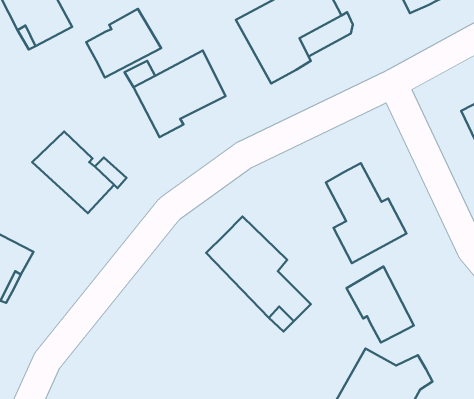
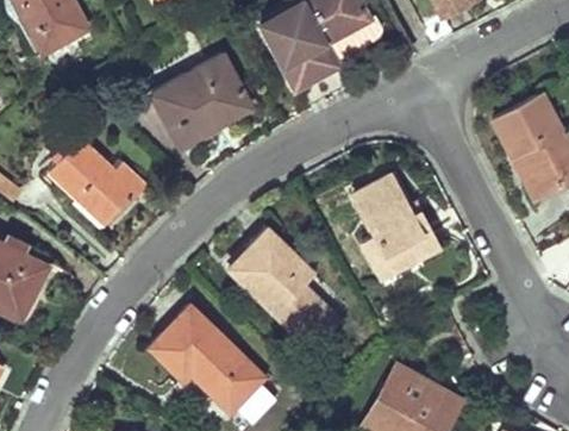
building: [86,9,161,78] -> none
building: [347,266,414,343] -> none
building: none -> [151,306,263,414]

